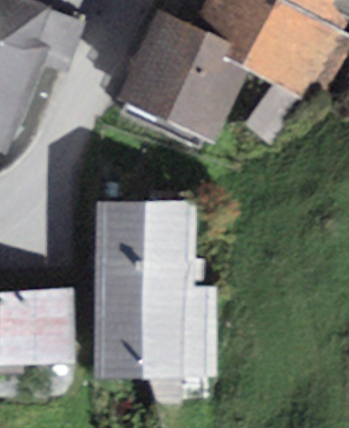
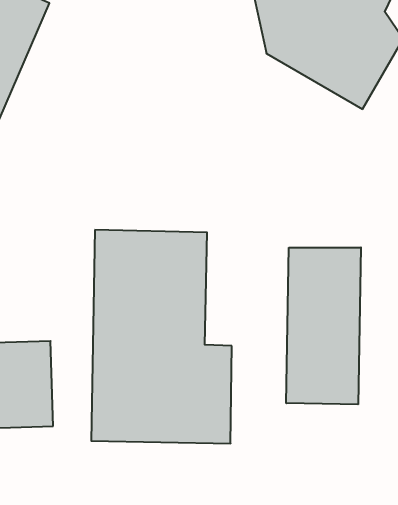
building: [125,29,264,160] -> none
building: none -> [286,247,361,404]

